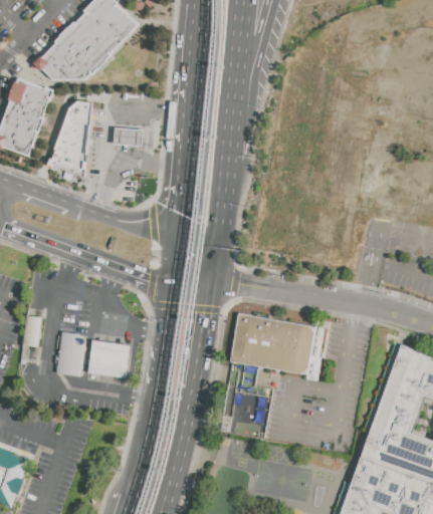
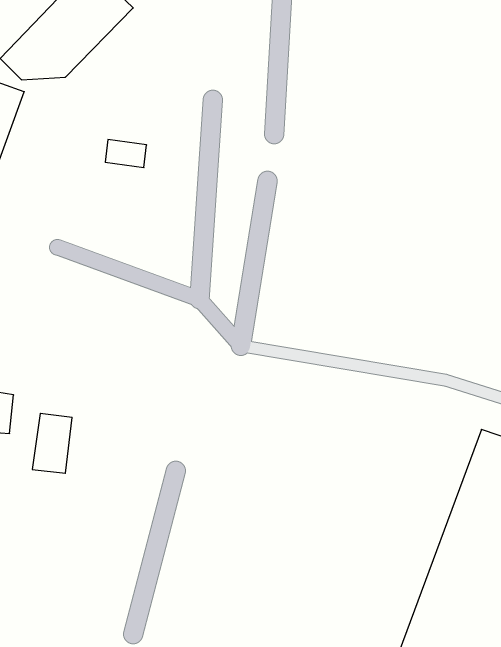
building: [47,100,93,174] -> none
building: [233,314,318,372] -> none
building: [90,342,132,378] -> none

